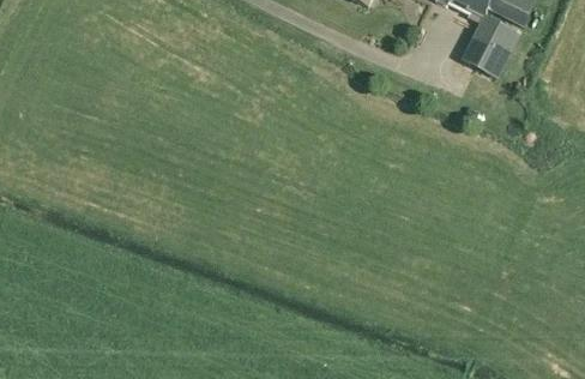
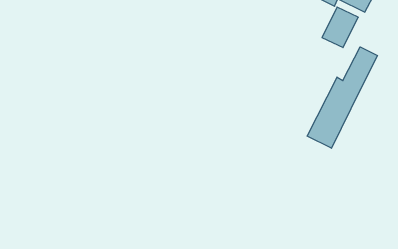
building: none -> [307,47,377,148]

